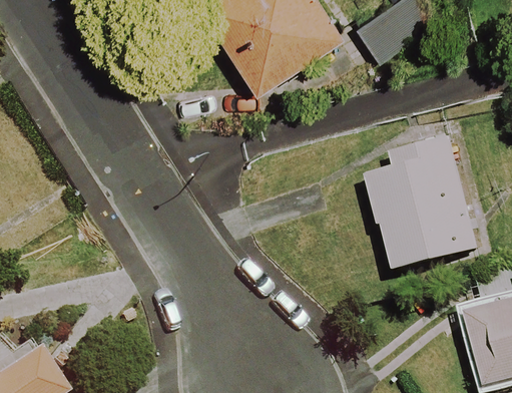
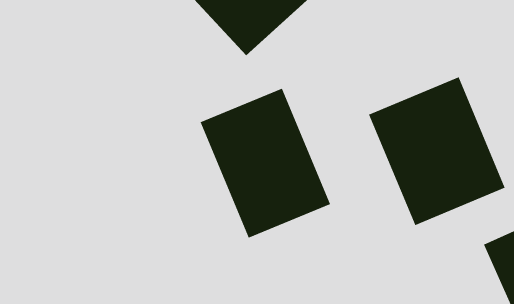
building: none -> [200,88,331,239]

